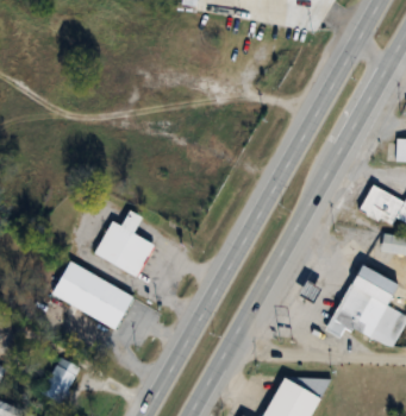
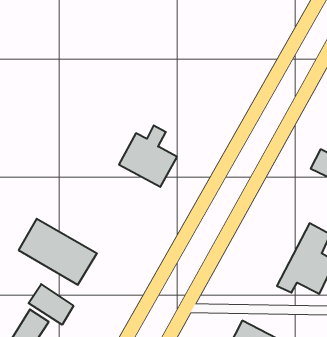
building: [92,210,154,276] -> [119,125,177,187]
building: none -> [29,284,73,325]

